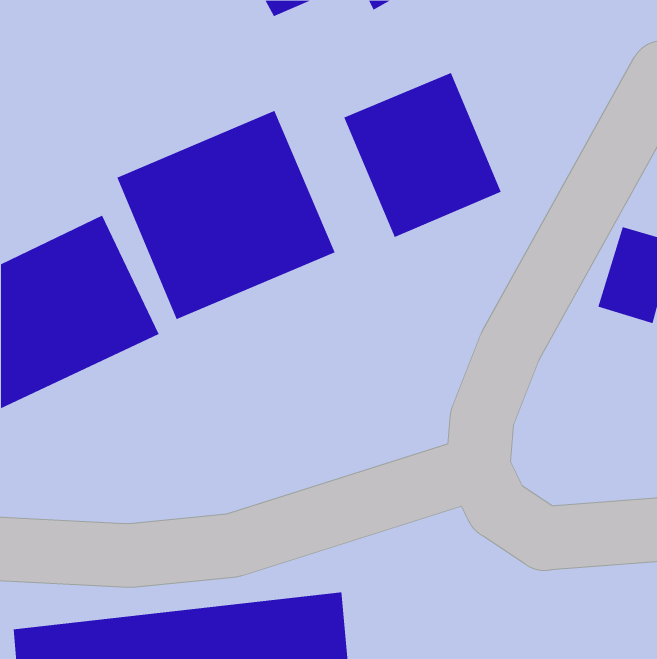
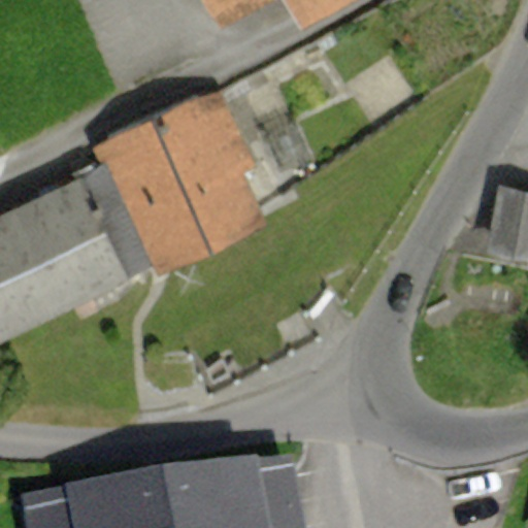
building: [344,72,502,238] -> none

